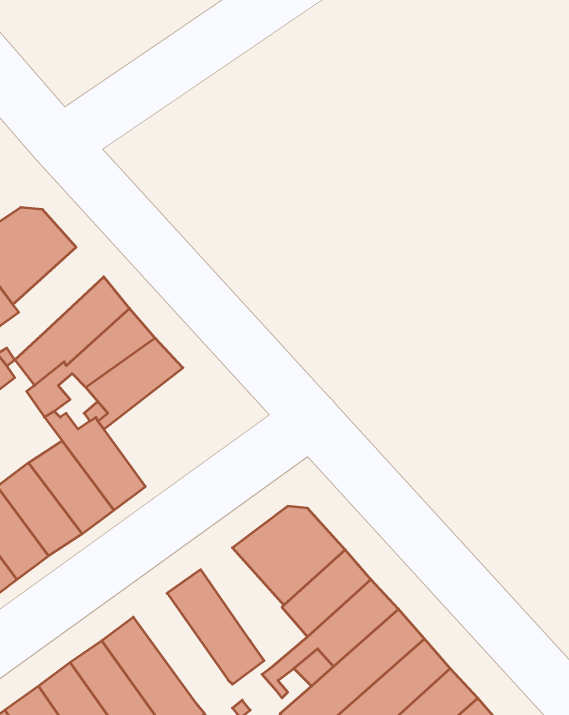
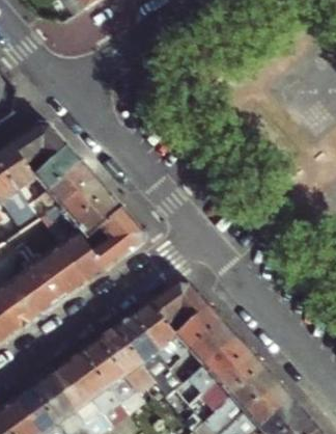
building: none -> [32,144,80,191]
building: none -> [80,208,142,270]
building: none -> [131,302,174,351]
building: none -> [95,326,145,384]

